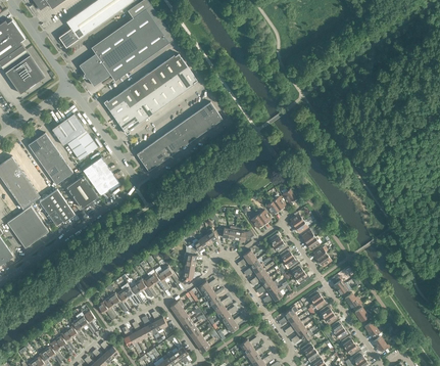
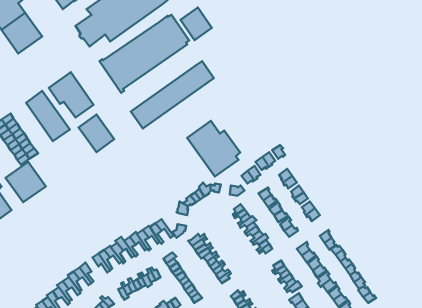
building: none -> [181,7,212,40]
building: none -> [187,121,240,177]
building: [65,175,98,209] -> none
building: [39,190,74,226] -> none

